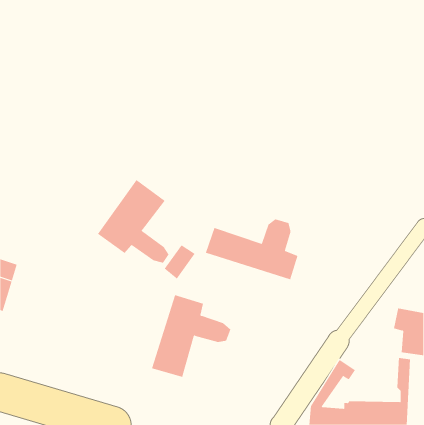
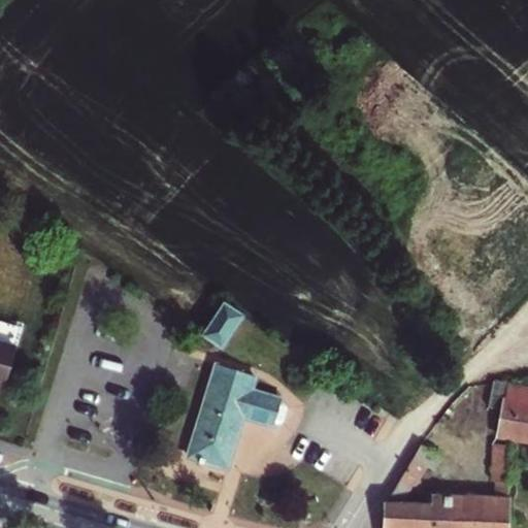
building: [97,179,169,264] -> none
building: [205,219,298,280] -> none

